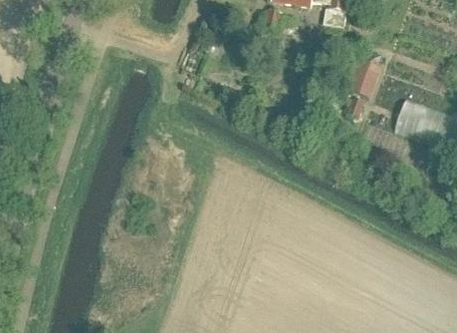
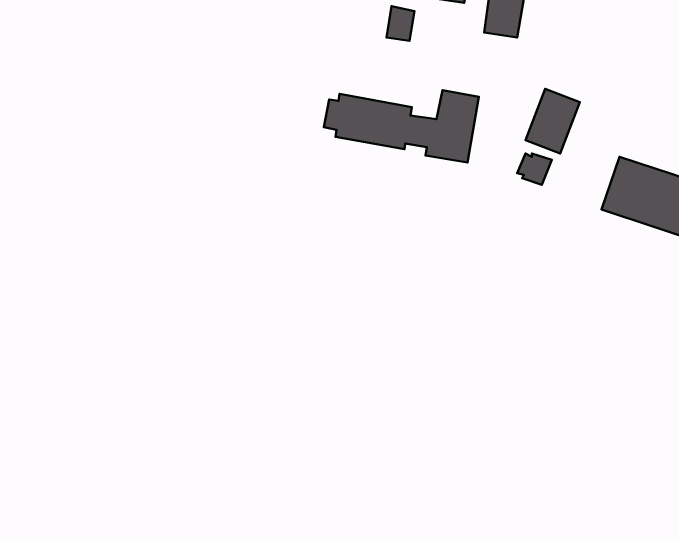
building: none -> [324,90,479,163]

